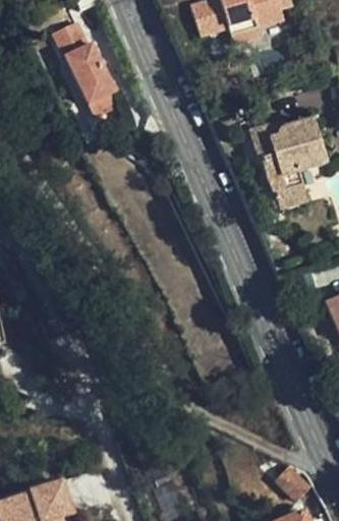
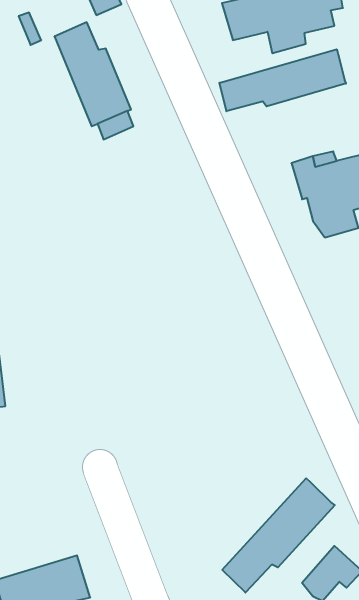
building: none -> [219,49,346,111]
building: none -> [222,478,335,593]

